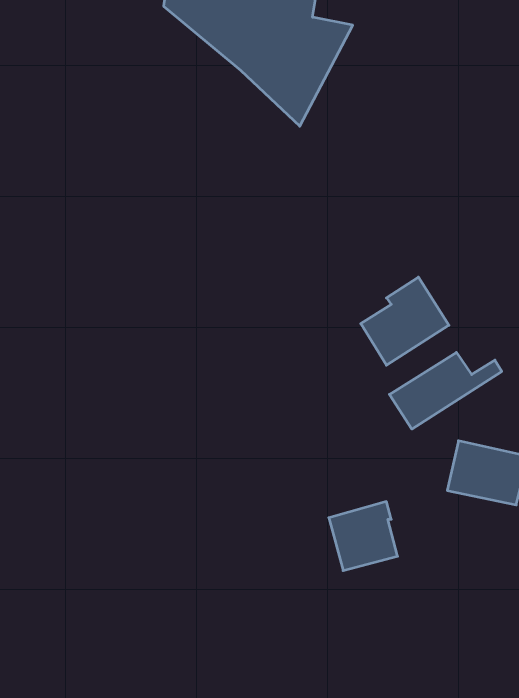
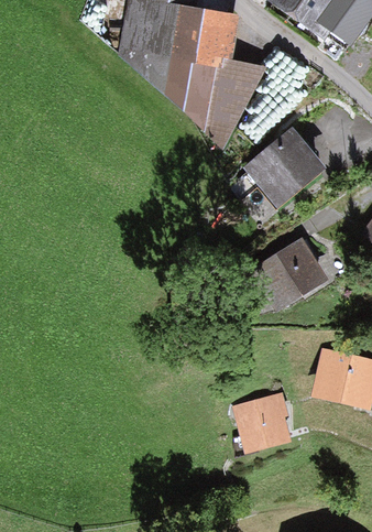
building: none -> [232,135,318,198]
building: [389,352,502,429] -> none

